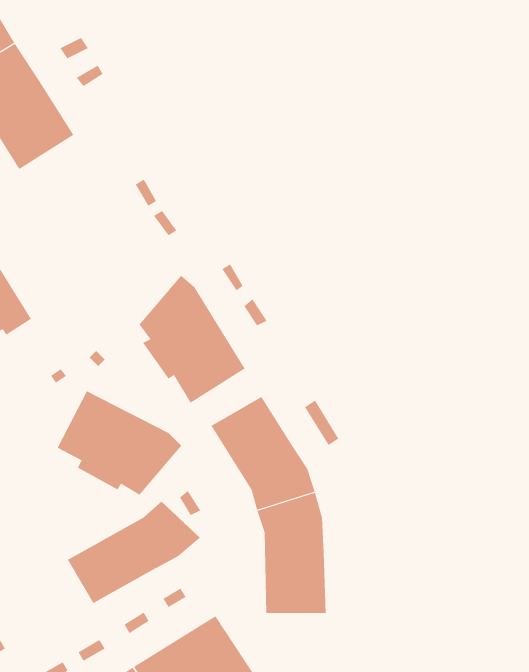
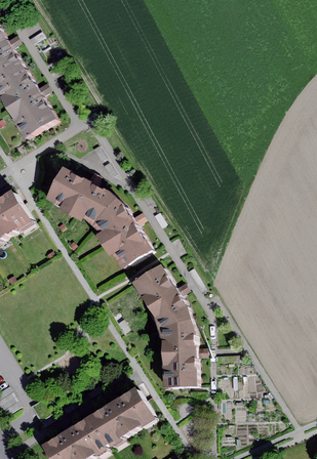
building: [57,391,182,496] -> [46,167,116,225]
building: [67,501,201,604] -> none

